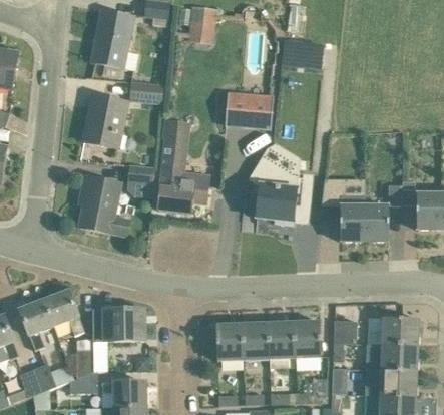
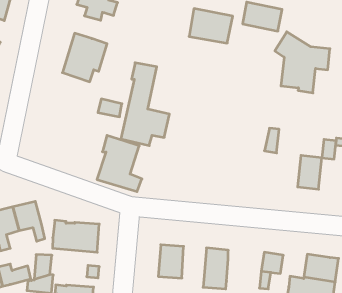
building: [129,82,162,105] -> none
building: [226,93,273,128] -> [189,9,233,43]
building: [250,156,312,223] -> [275,32,330,93]
building: [78,175,129,236] -> [97,135,142,192]
building: [340,196,364,242] -> none
building: [293,321,321,357] -> none
building: [242,322,269,359] -> none

